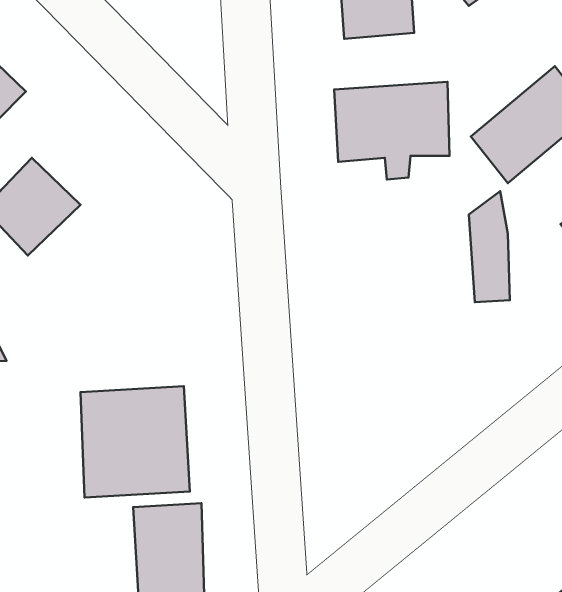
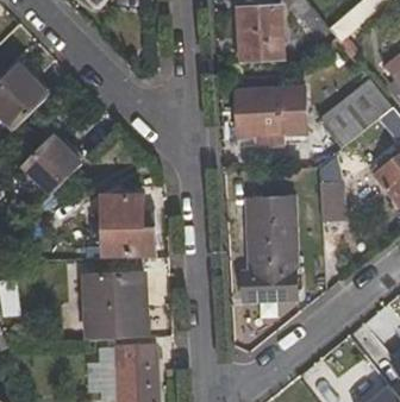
building: none -> [99,194,155,256]
building: none -> [239,197,295,301]

